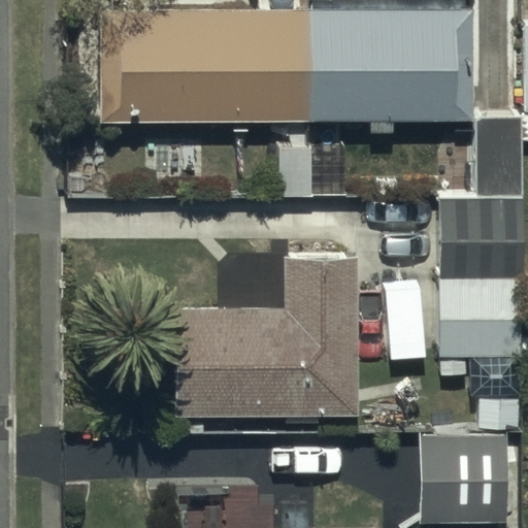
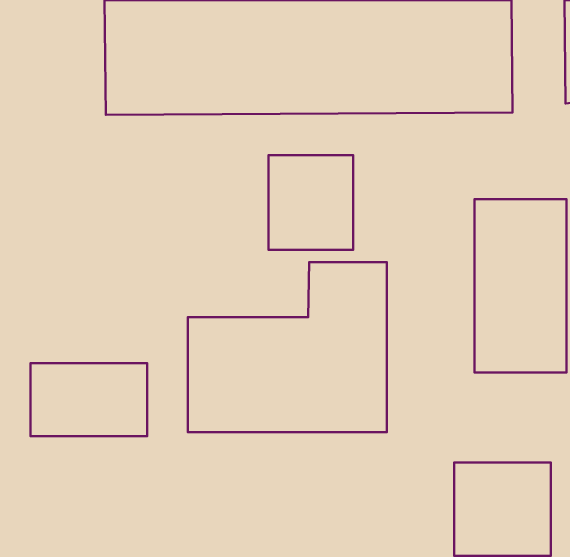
building: none -> [269,155,353,250]
building: none -> [30,363,147,436]

